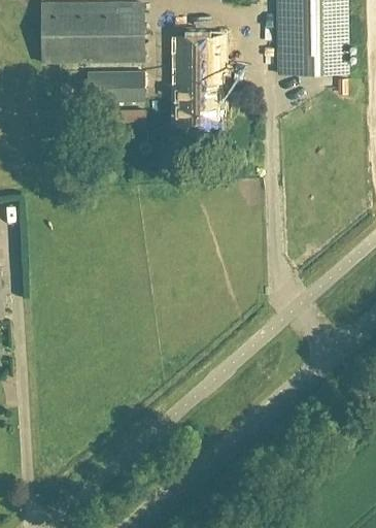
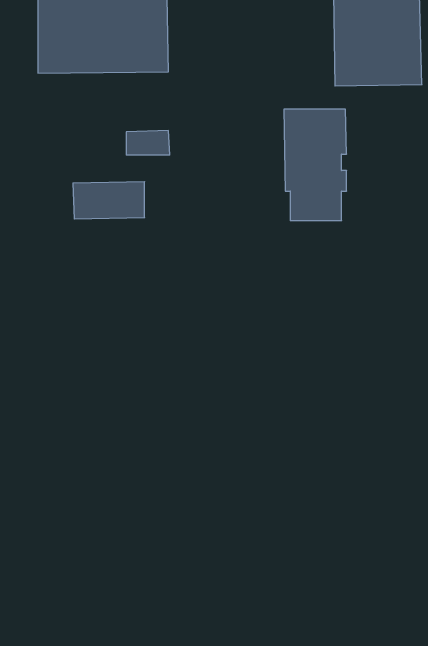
building: [173,35,224,125] -> [284,109,347,221]
building: [88,70,145,100] -> [73,182,145,219]

